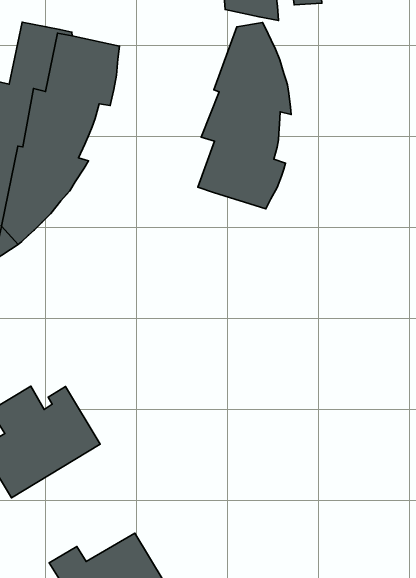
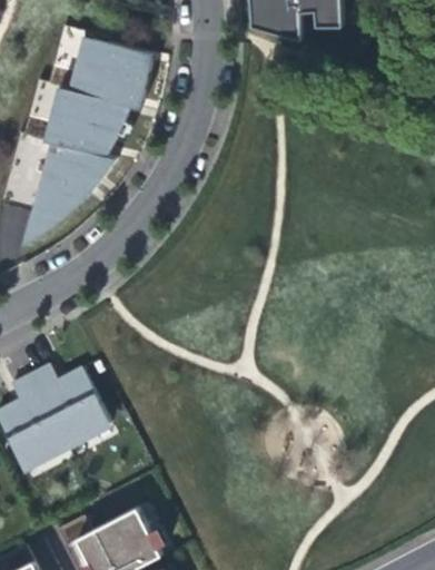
building: [198,23,291,209] -> none

